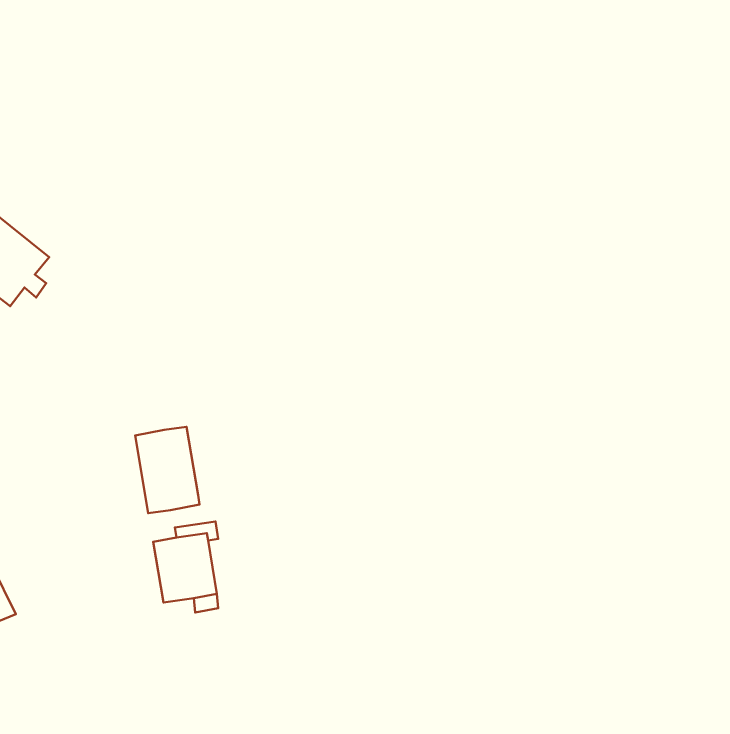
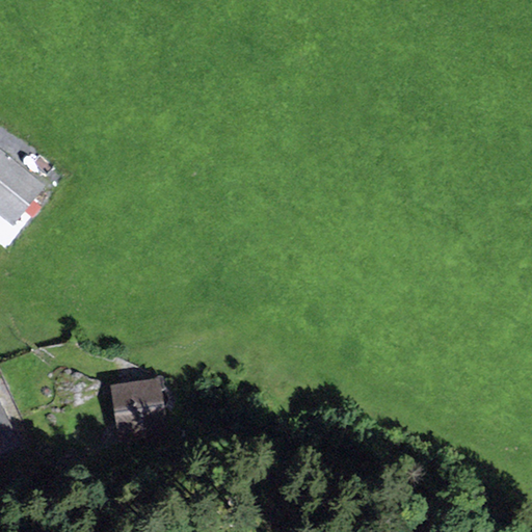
building: [135,427,199,513] -> none

